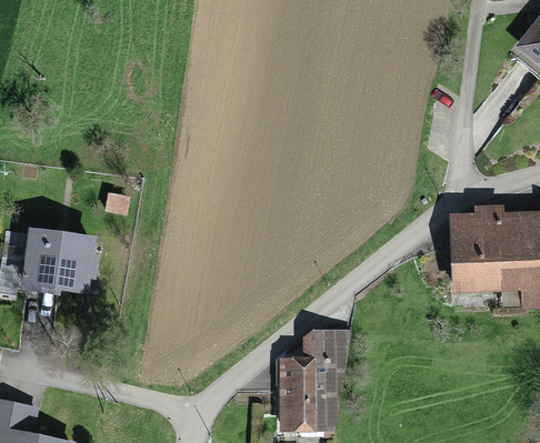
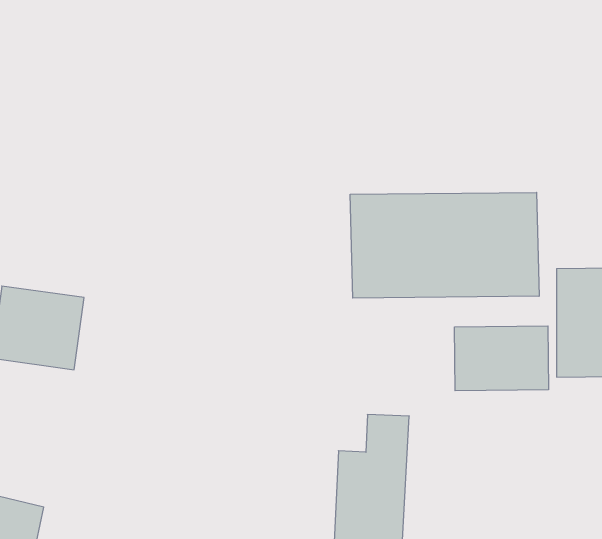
building: none -> [350,192,539,298]
building: none -> [455,326,548,391]

